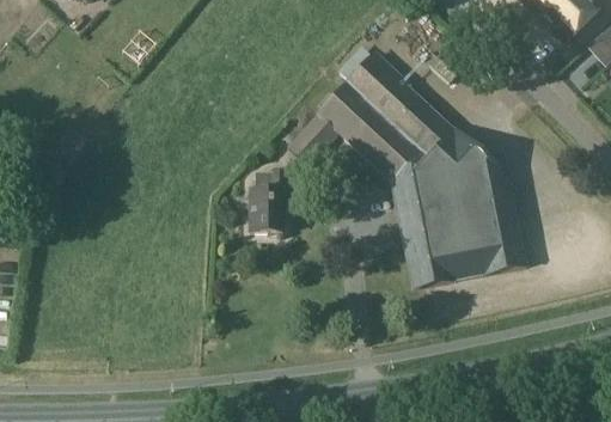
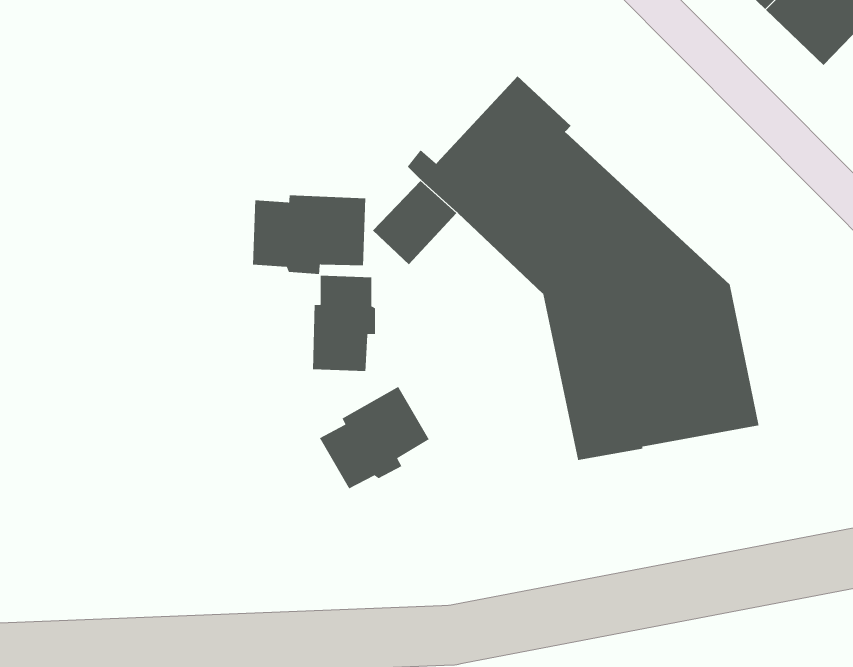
building: none -> [252,195,366,275]
building: none -> [319,386,430,490]

